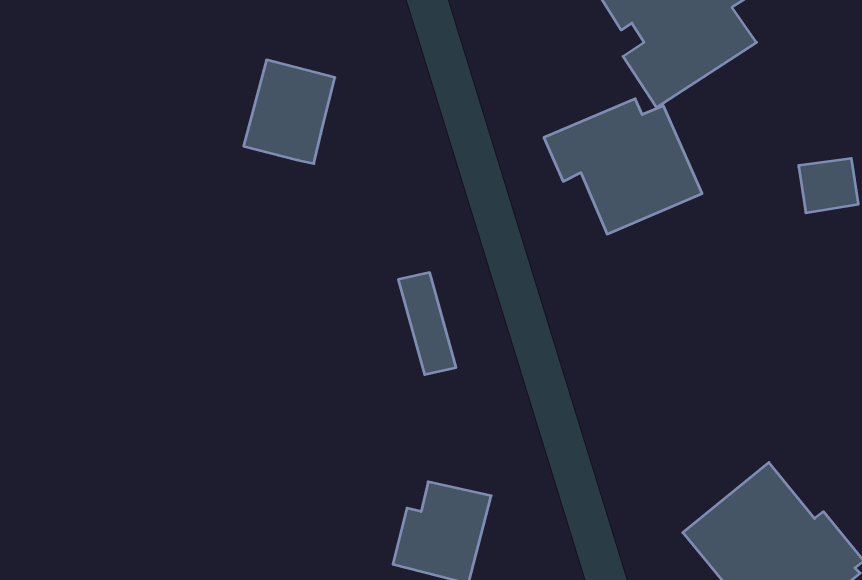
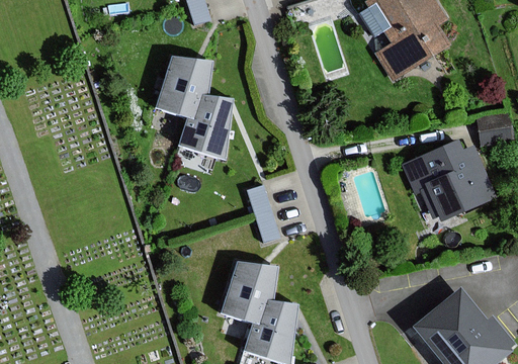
building: [544,99,702,234] -> [405,142,496,219]
building: none -> [181,98,238,158]
building: none -> [220,255,273,315]

